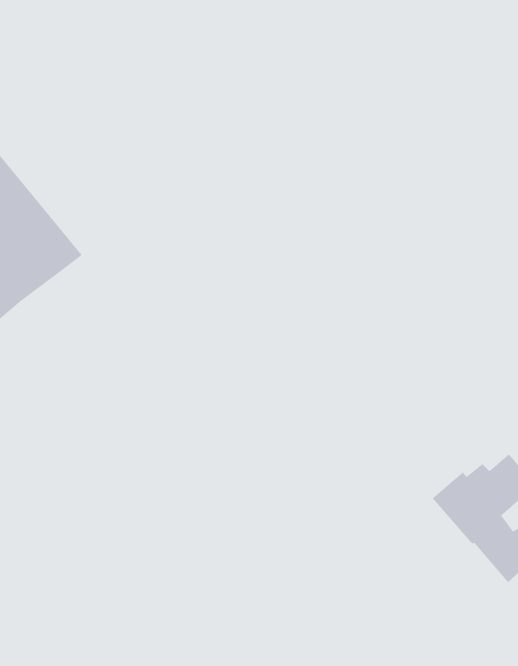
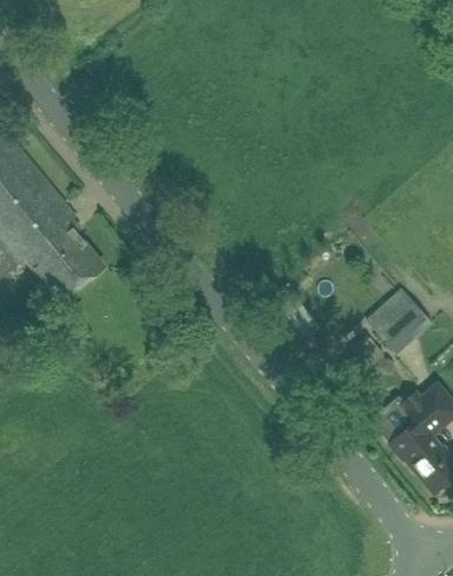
building: none -> [25,224,104,302]
building: none -> [367,290,432,354]

